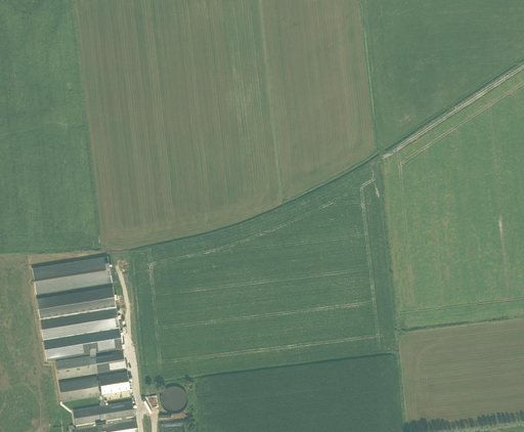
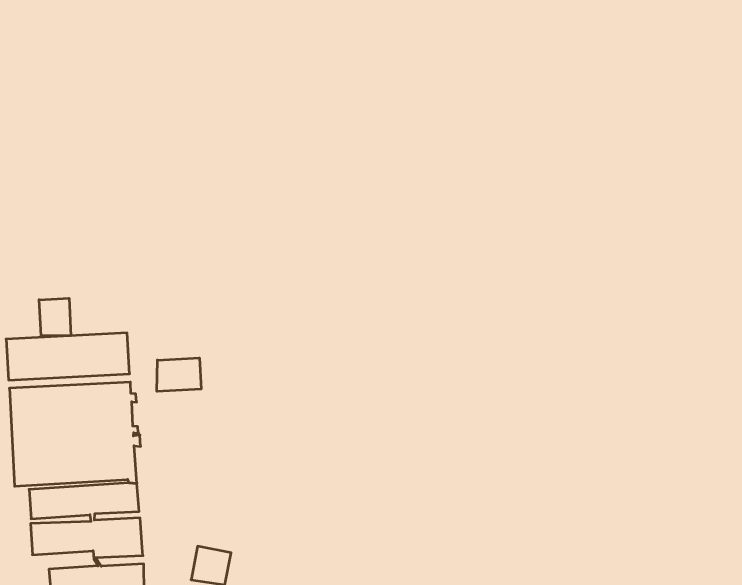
building: none -> [39,298,71,336]
building: none -> [157,358,201,391]

